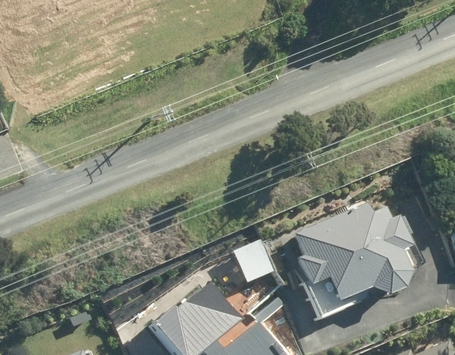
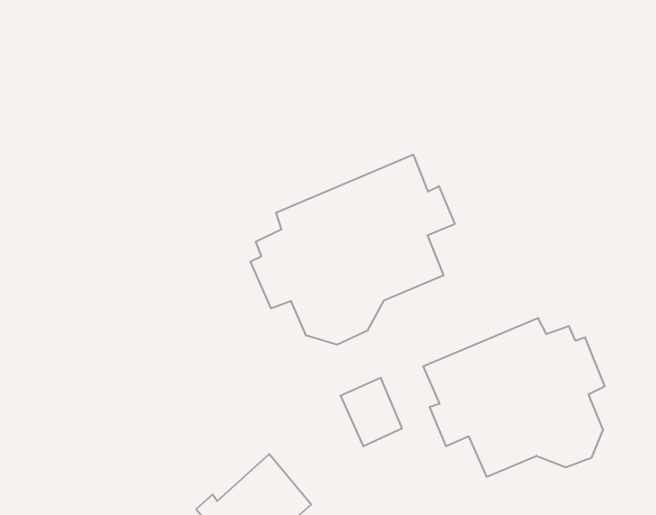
building: none -> [250,155,455,345]

